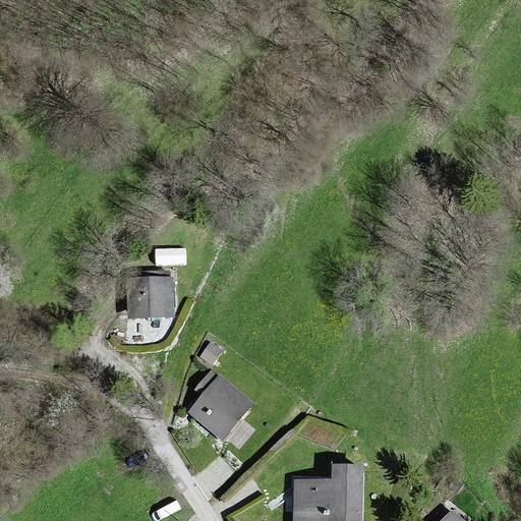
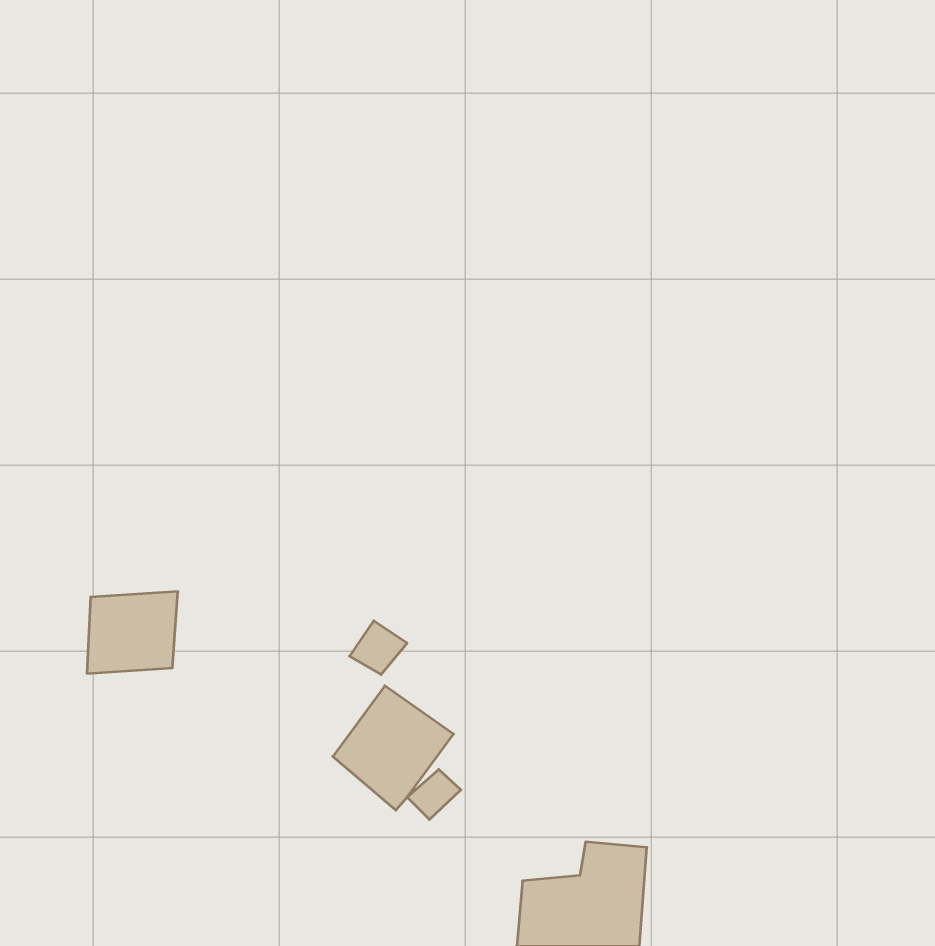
building: [124,278,174,323] -> [87,592,178,673]

